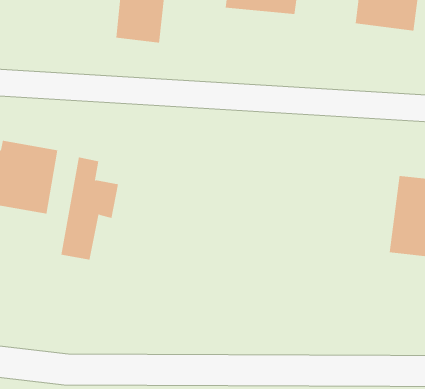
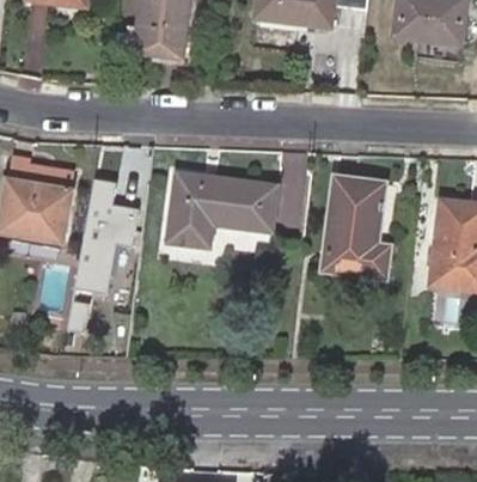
building: none -> [169,173,277,246]
building: none -> [324,178,389,277]

